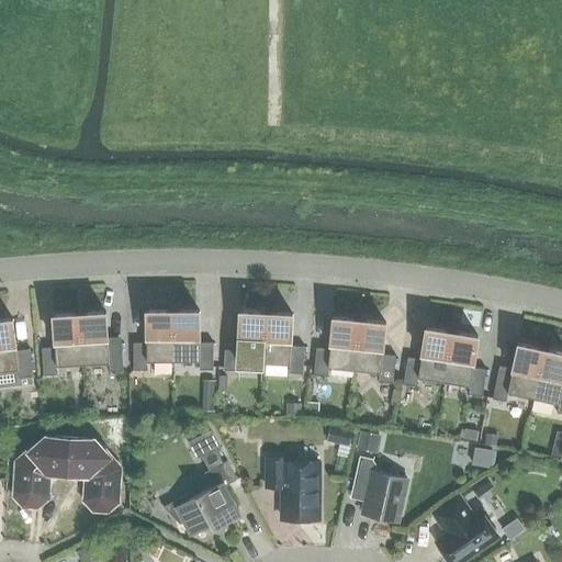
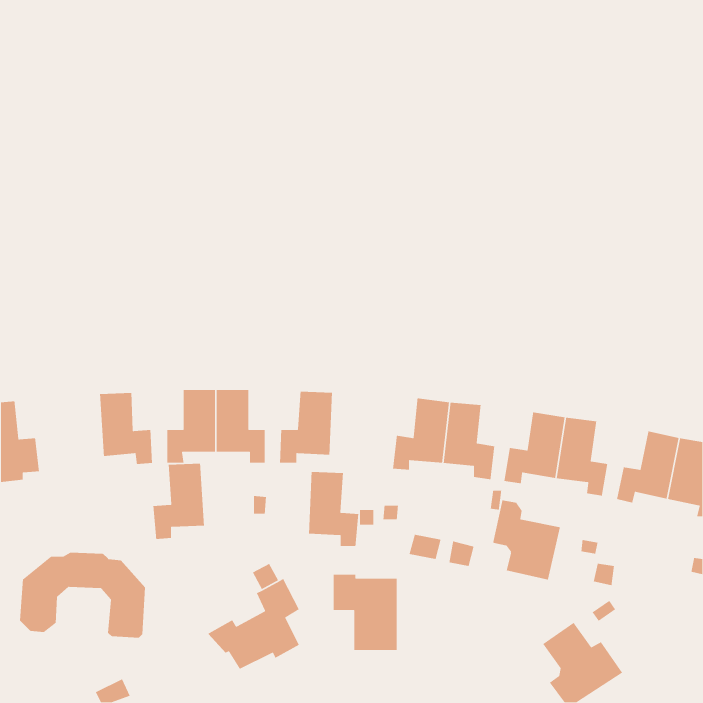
building: [263,313,304,373] -> [308,471,359,547]
building: [41,314,82,375] -> [153,463,205,540]
building: [351,457,406,521] -> [492,499,561,581]

